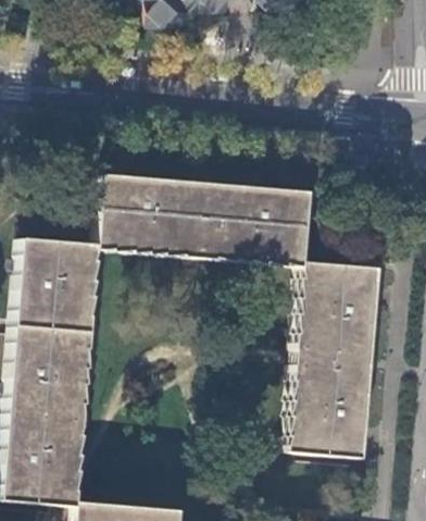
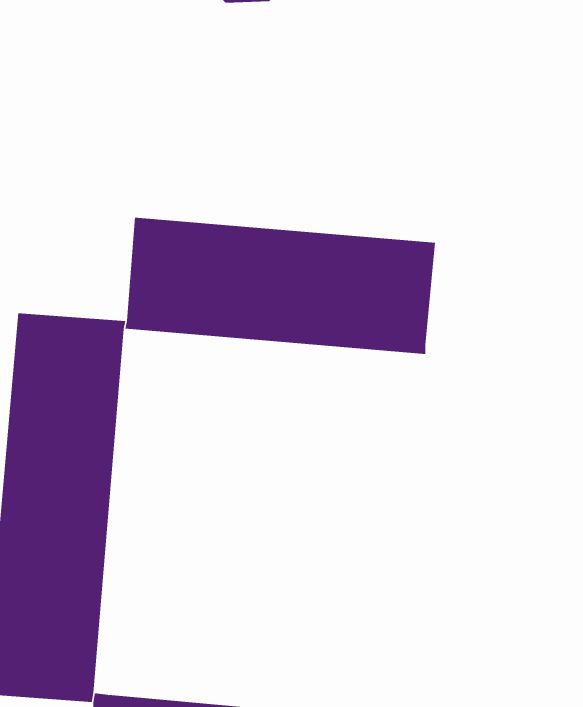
building: [288,261,380,458] -> none

